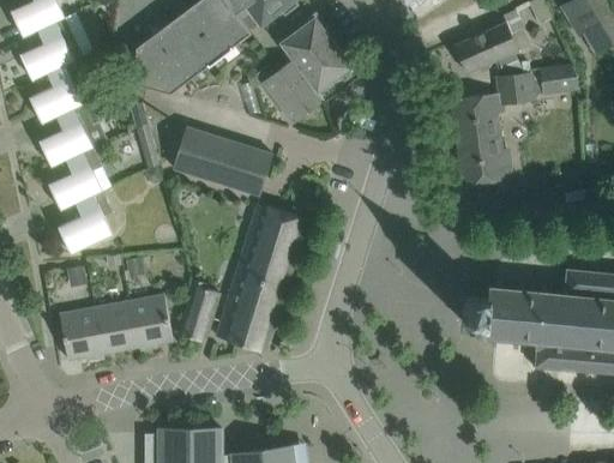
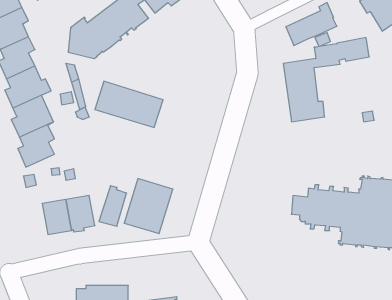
building: [252,14,351,122] -> none
building: [236,204,308,285] -> none
building: [60,307,103,360] -> none

